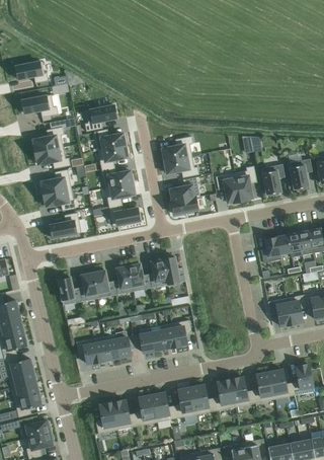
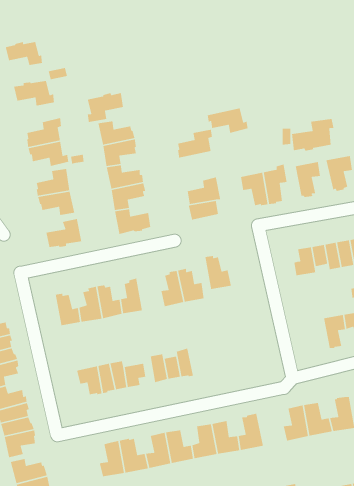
building: none -> [291,118,334,152]
building: [163,156,198,178] -> [207,108,248,134]
building: [128,262,151,292] -> [204,255,232,290]
building: [267,298,292,326] -> none
building: [171,320,191,348] -> none
building: [230,377,255,407] -> none

